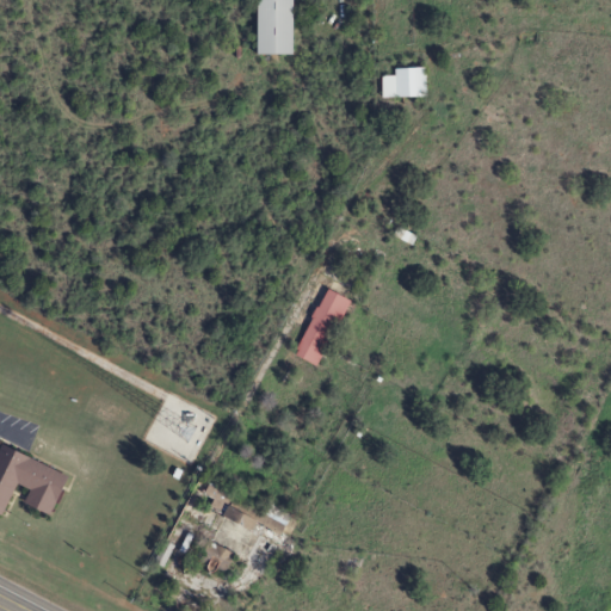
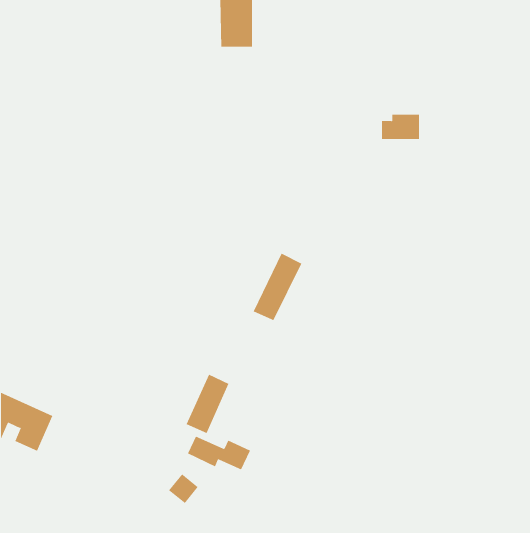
building: [382,68,426,97] -> [381,114,420,139]
building: none -> [186,374,229,434]

